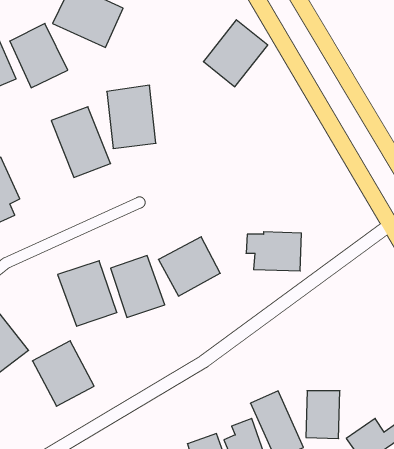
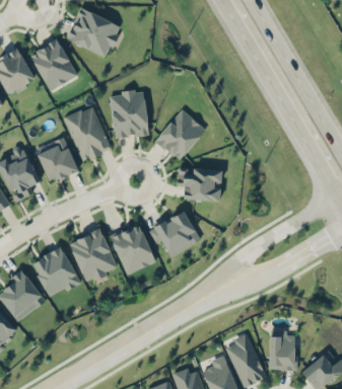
building: [203,20,268,87] -> [154,108,206,162]
building: none -> [37,138,78,183]
building: [246,232,301,271] -> [178,170,222,202]
building: [32,341,94,406] -> [30,246,80,299]

